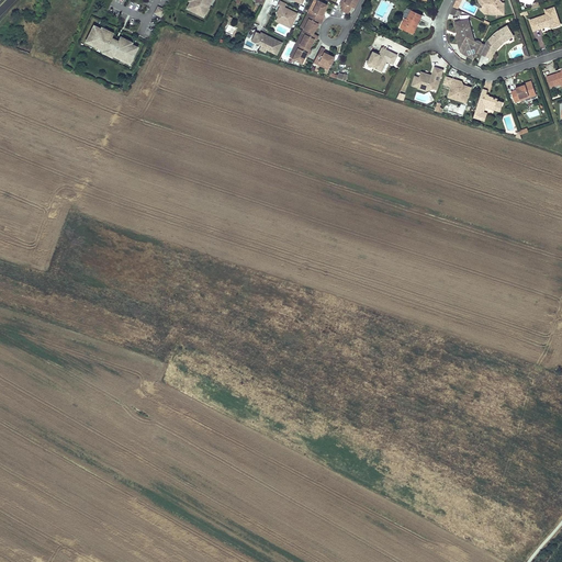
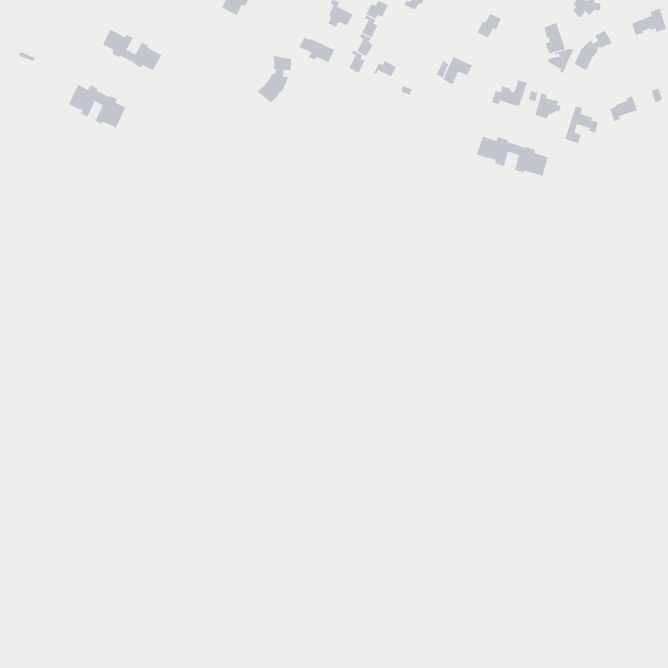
building: none -> [257,55,291,103]
building: none -> [68,84,126,129]
building: none -> [476,136,548,177]

